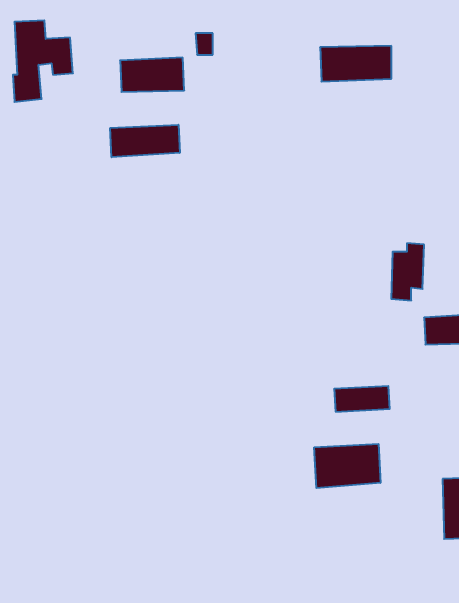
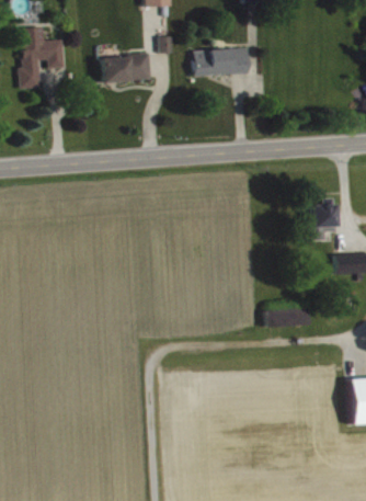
building: [320,46,391,82] -> [193,48,248,76]
building: [110,125,180,157] -> none
building: [314,444,380,488] -> none

